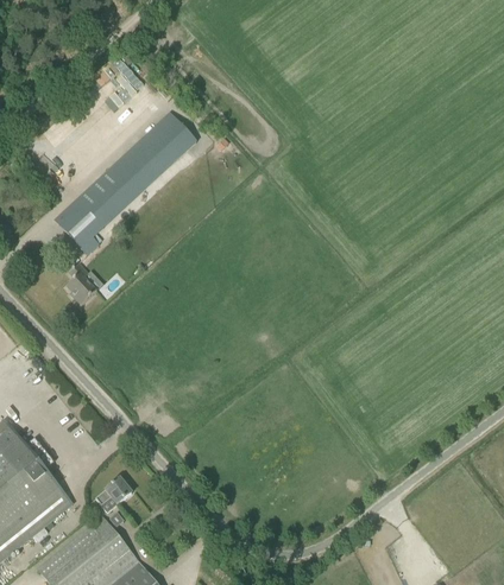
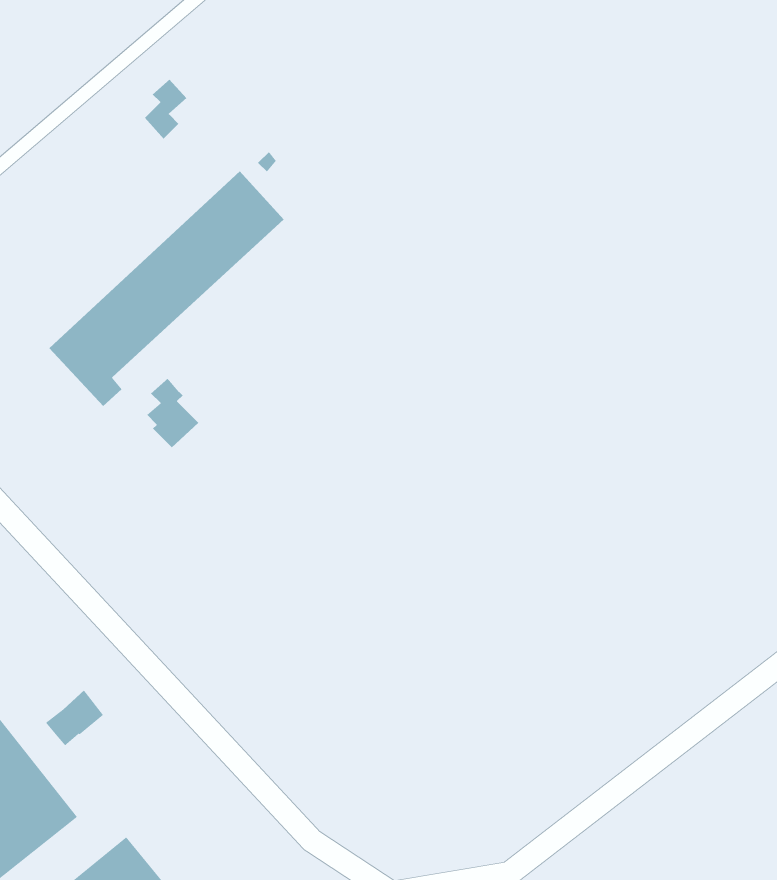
building: [65,263,97,306] -> [146,378,199,448]
building: [95,478,131,513] -> [45,689,104,746]

